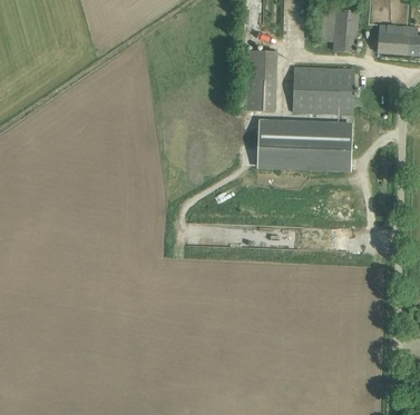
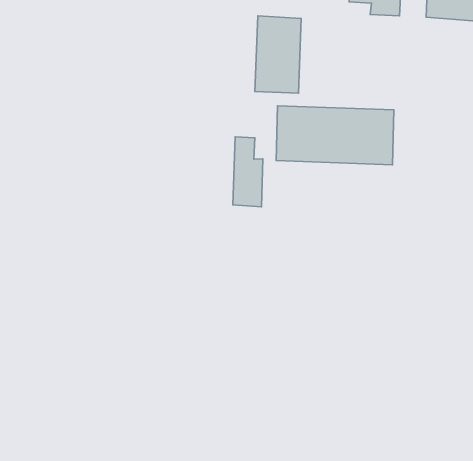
building: [292,68,353,115] -> none
building: none -> [233,137,263,207]

